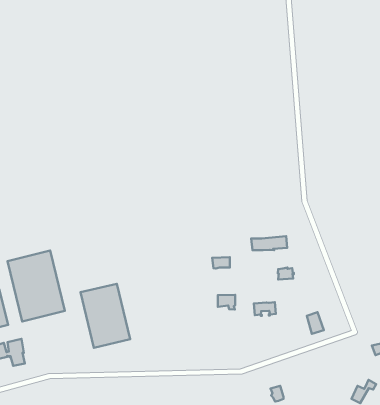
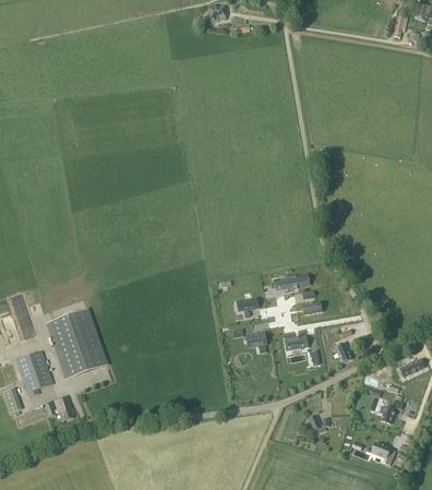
building: [80,284,130,348] -> none

